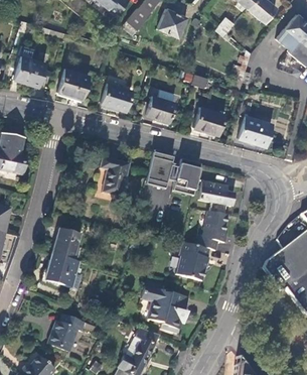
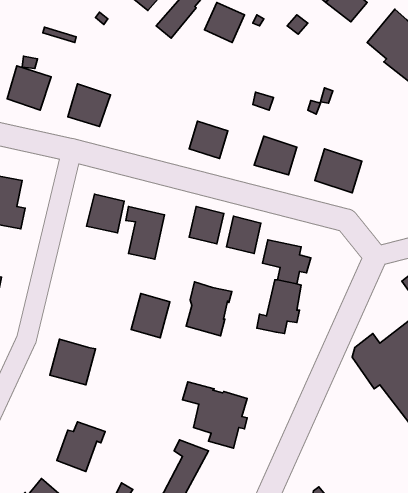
building: [100,82,132,111] -> none
building: none -> [86,194,124,233]
building: [51,228,80,260] -> [131,294,170,338]
building: [176,242,209,281] -> [186,282,232,336]

